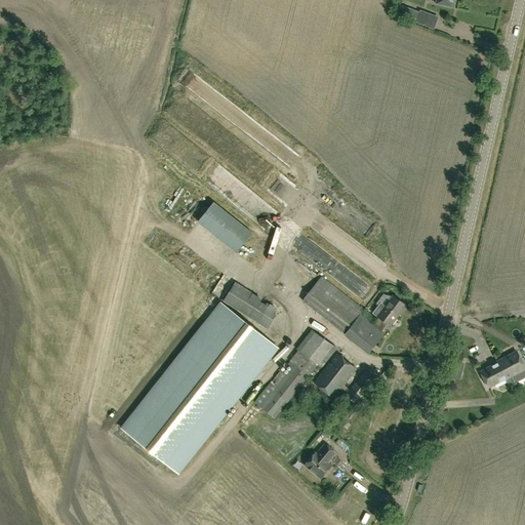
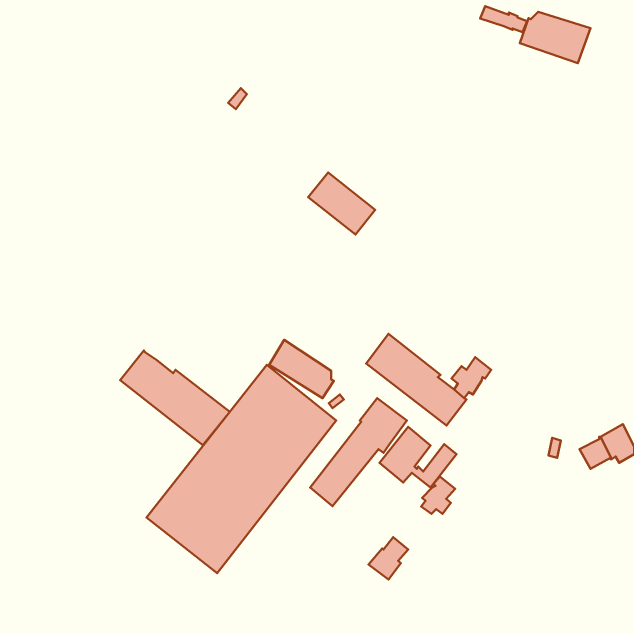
building: none -> [520,12,590,63]
building: [197,202,252,253] -> [308,172,375,235]
building: none -> [120,350,230,445]
building: none -> [421,476,455,514]

